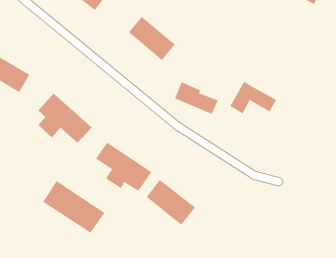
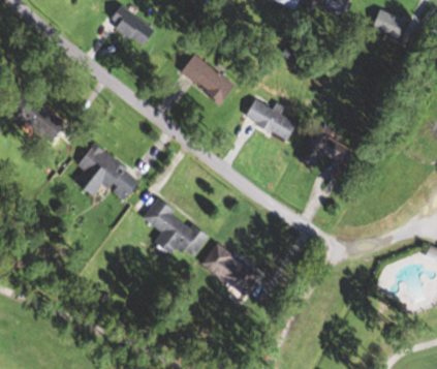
building: [174,81,219,114] -> [245,100,296,139]
building: [42,180,105,233] -> none

